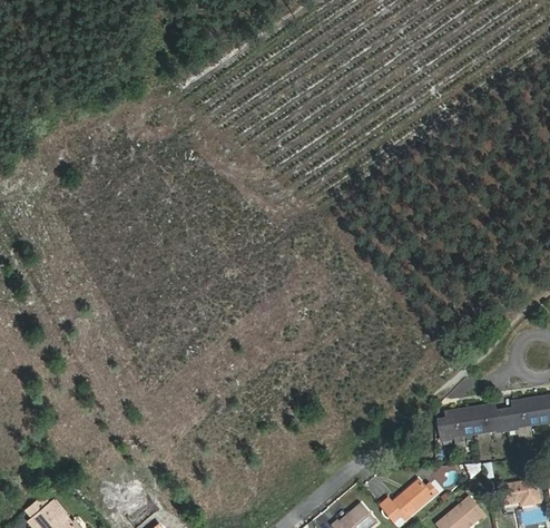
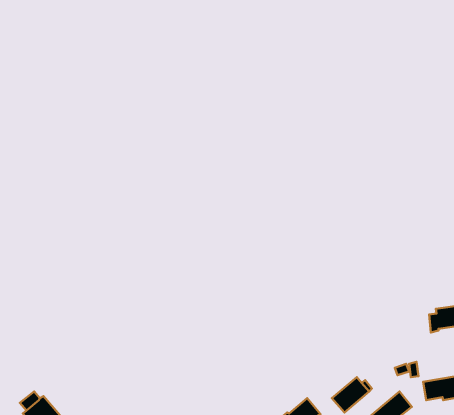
building: [438,402,505,437] -> none

